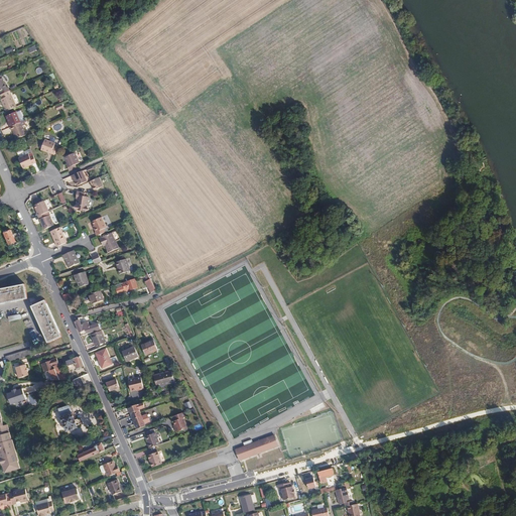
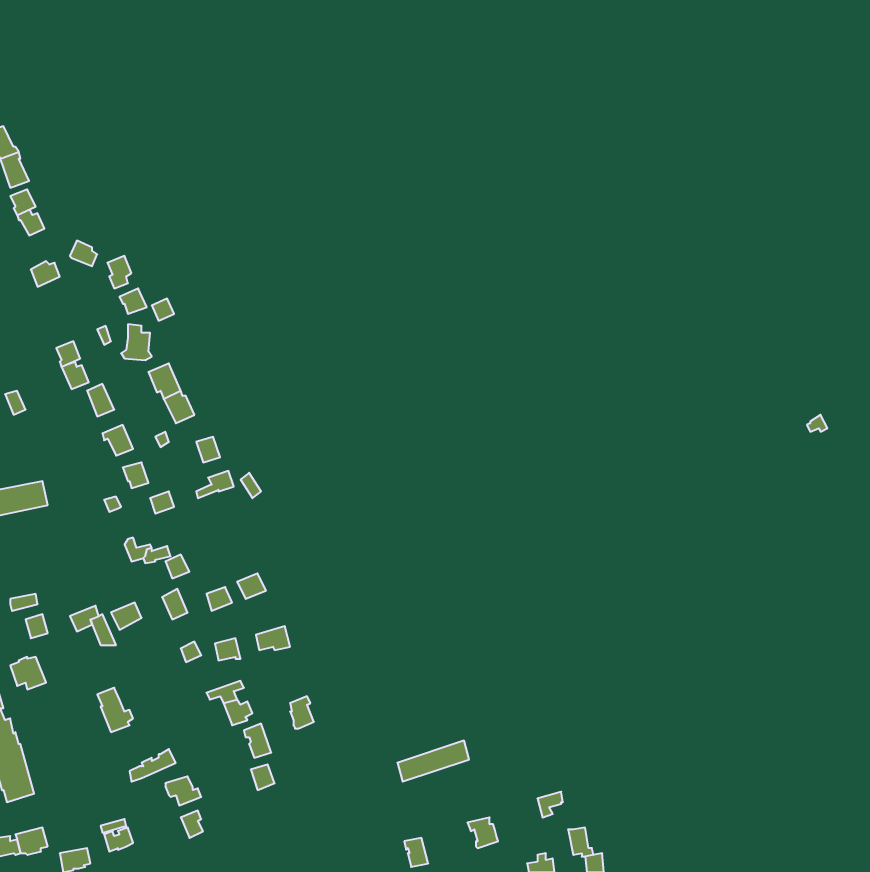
building: [32,299,61,341] -> none

